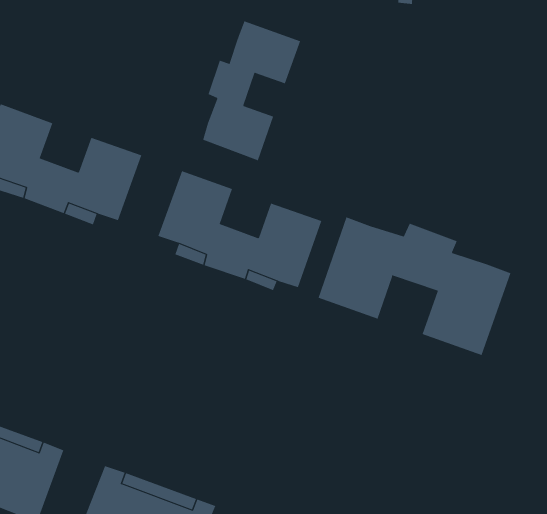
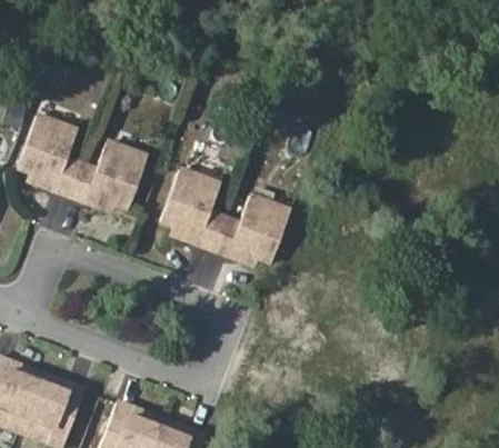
building: [202,21,301,161] -> none
building: [318,216,511,356] -> none

